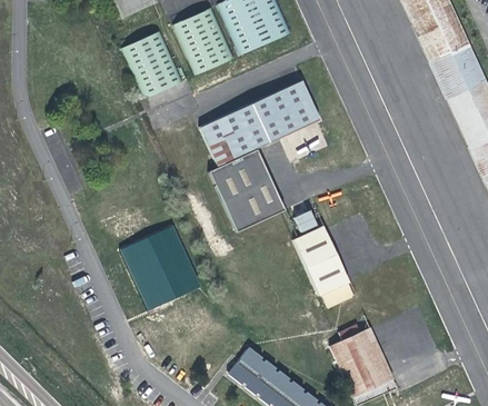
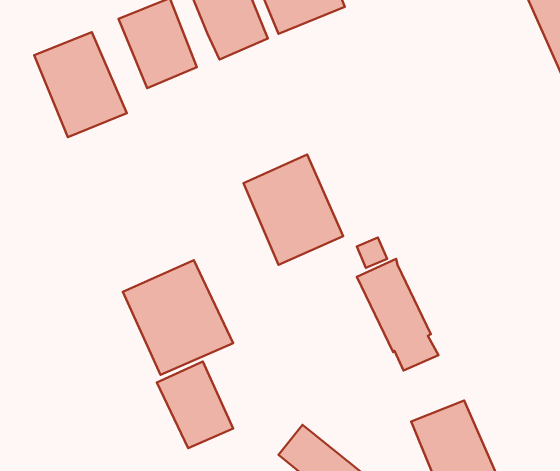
building: none -> [34,32,127,137]
building: [201,79,320,161] -> none
building: none -> [157,362,233,448]

